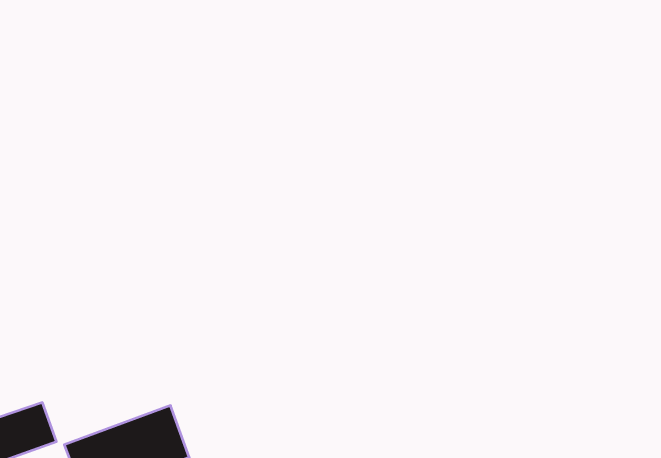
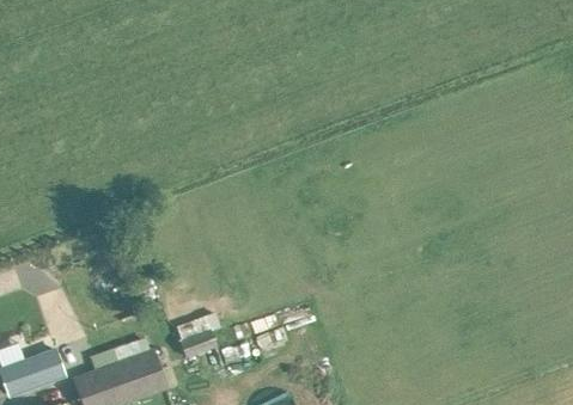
building: none -> [176,314,217,358]

